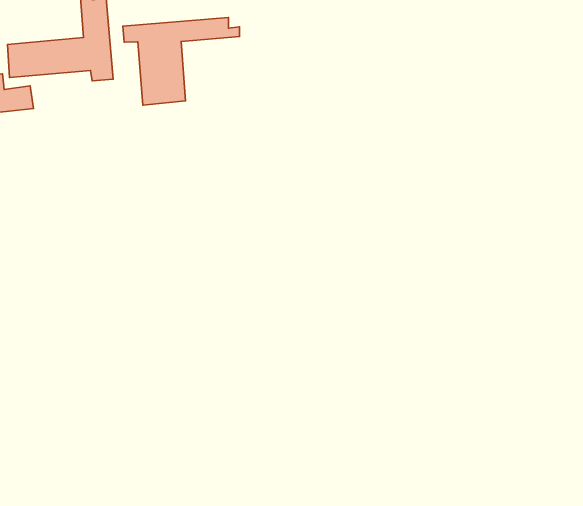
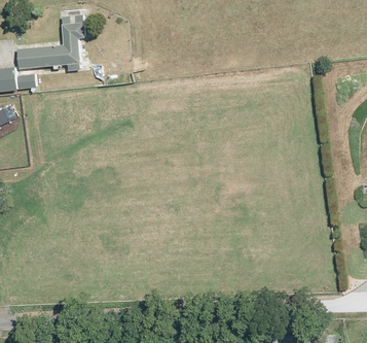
building: [123,17,240,105] -> none

